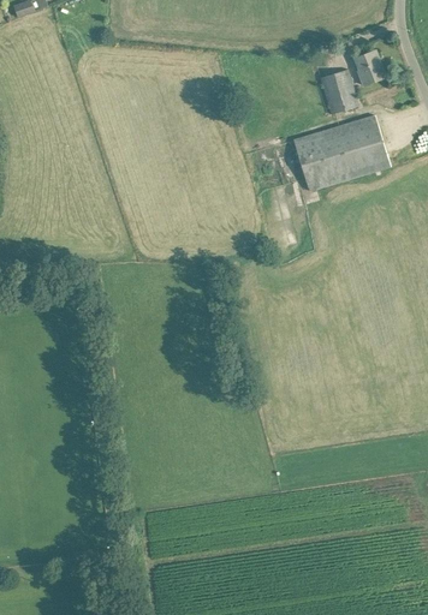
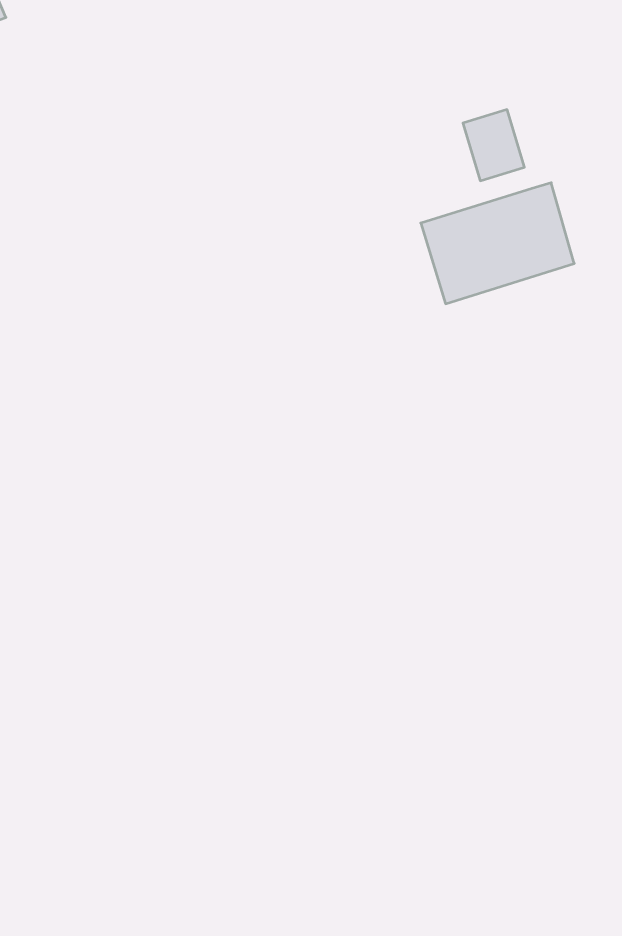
building: [353,50,385,85] -> none

